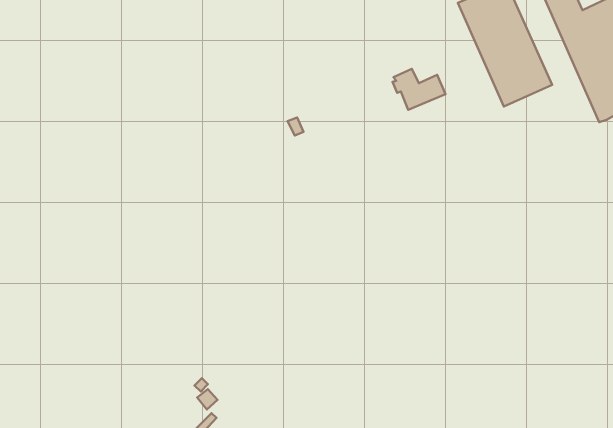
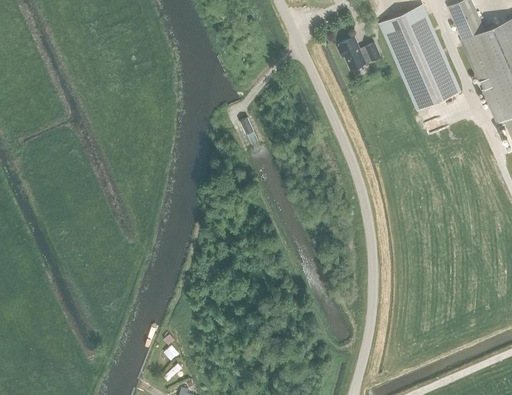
building: [392,69,446,110] -> [337,36,381,70]

